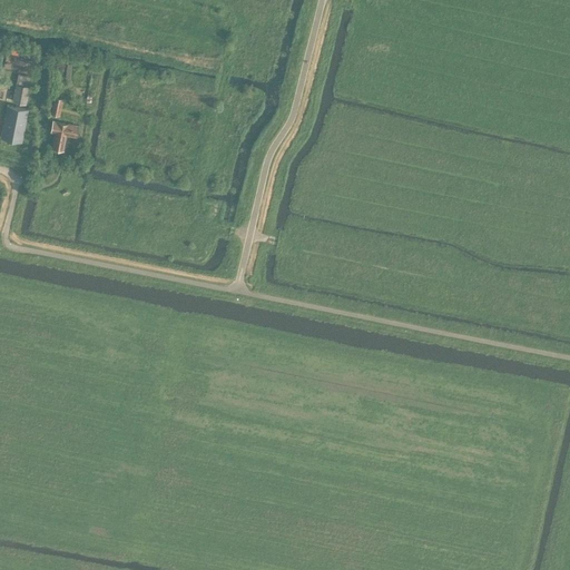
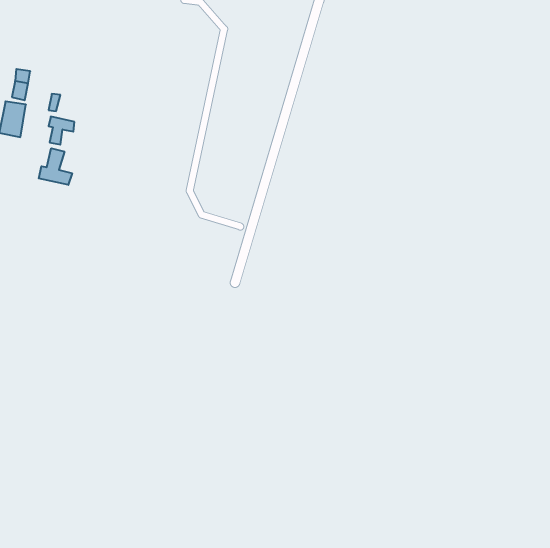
building: none -> [39,148,72,185]

